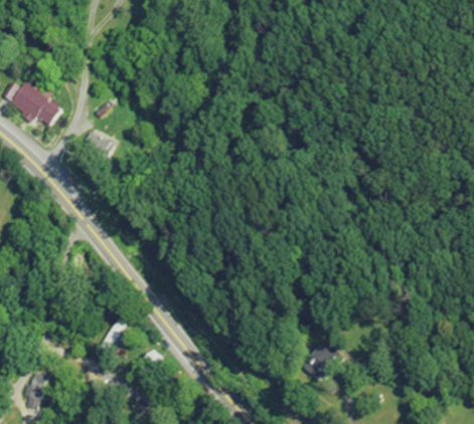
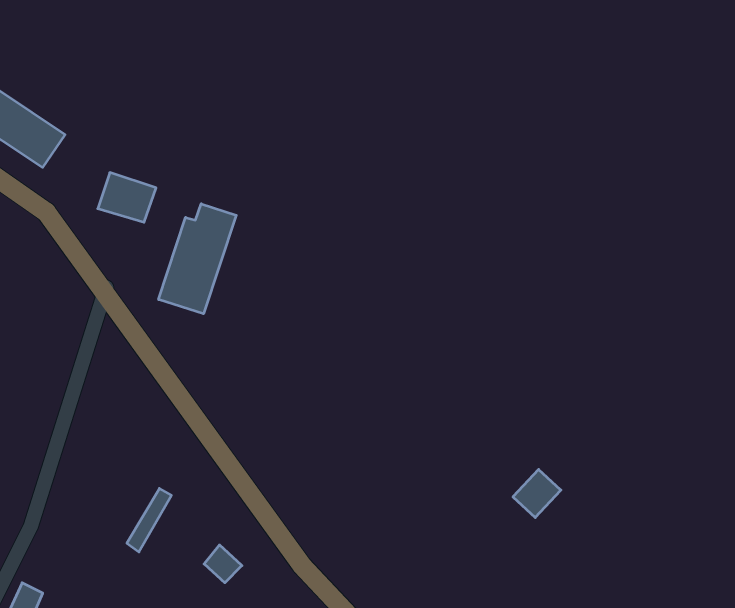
building: none -> [159,204,236,314]
building: [307,346,335,374] -> [513,469,561,518]

